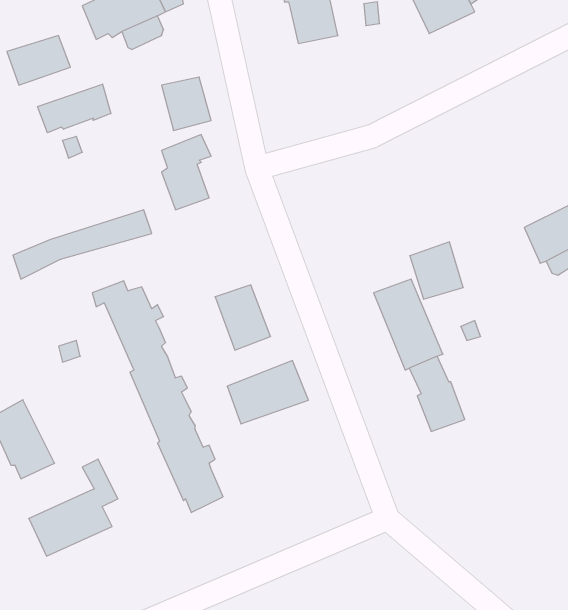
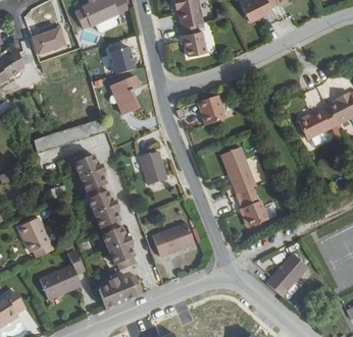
building: none -> [182,24,206,57]
building: [38,84,111,133] -> none
building: [410,242,463,299] -> [198,96,225,125]
building: [227,361,308,424] -> [155,221,197,254]
building: none -> [266,252,308,295]
building: none -> [103,274,146,307]

